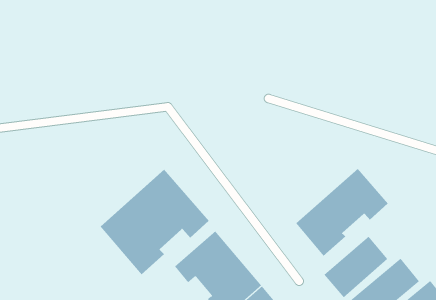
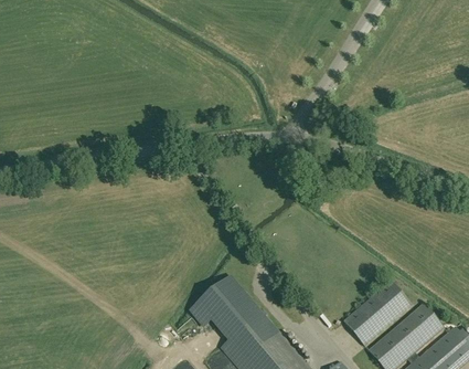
building: [295,168,388,256] -> none
building: [100,169,209,275] -> none

